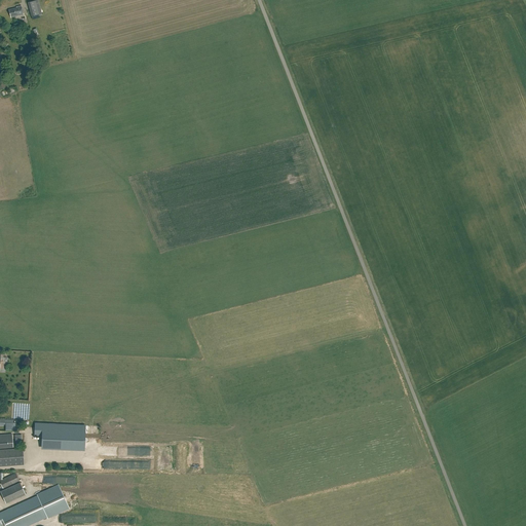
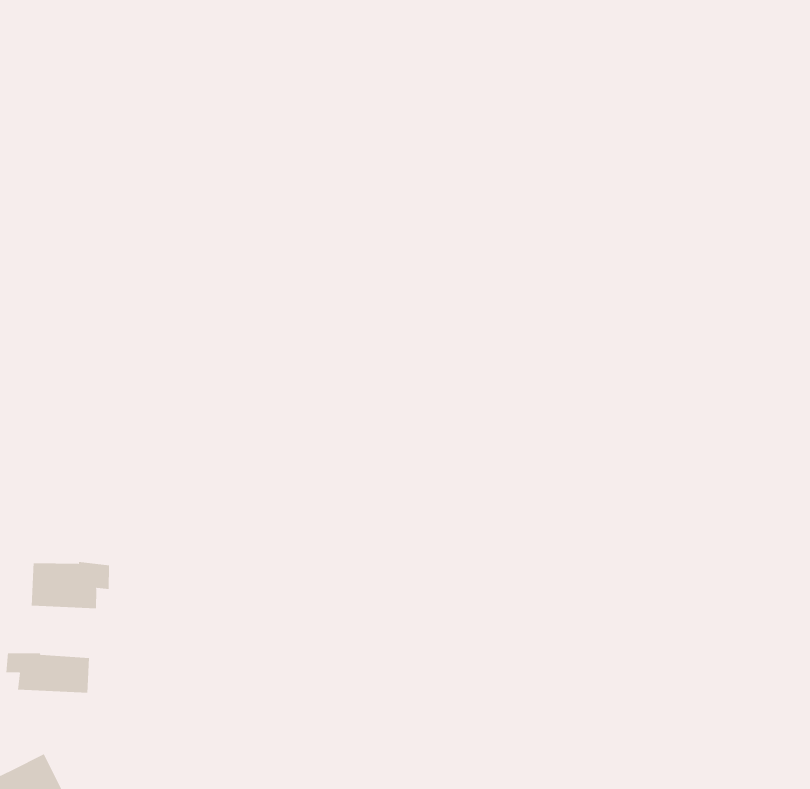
building: none -> [31,561,110,609]

